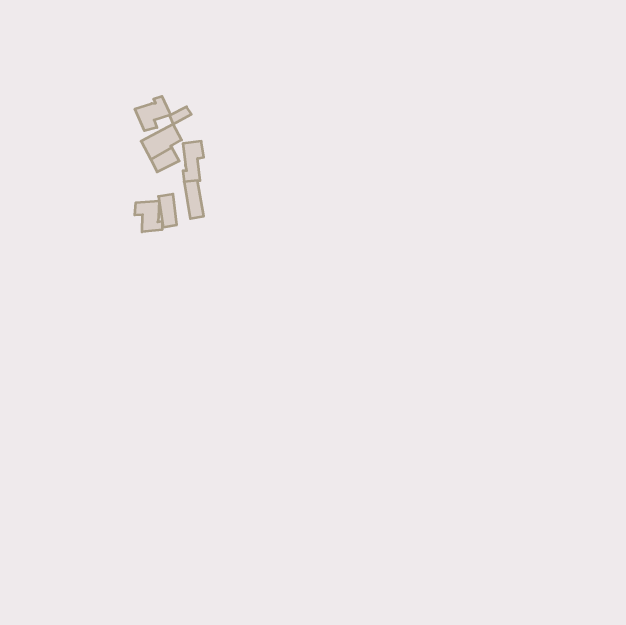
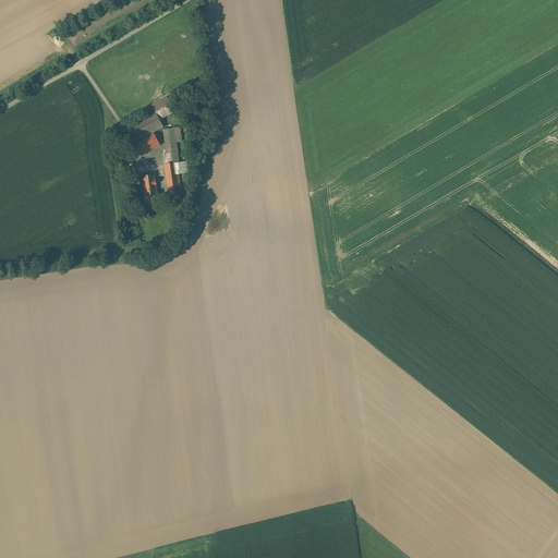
building: [135,96,171,131] -> none
building: [135,201,162,232] -> none

